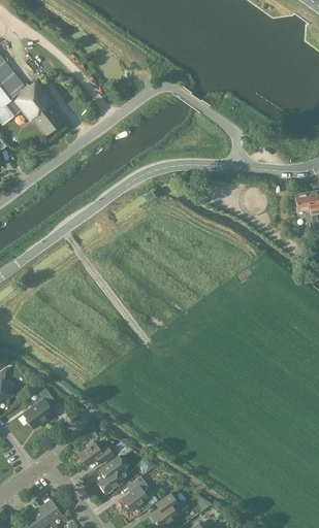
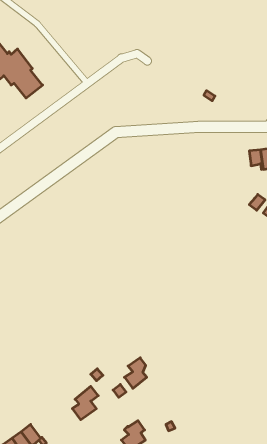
building: [25,388,57,428] -> none
building: [78,442,115,466] -> none
building: [123,476,148,510] -> [124,358,147,388]

